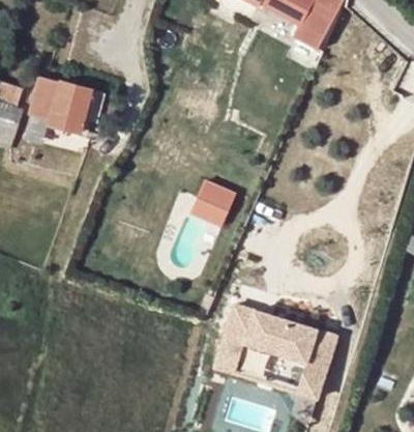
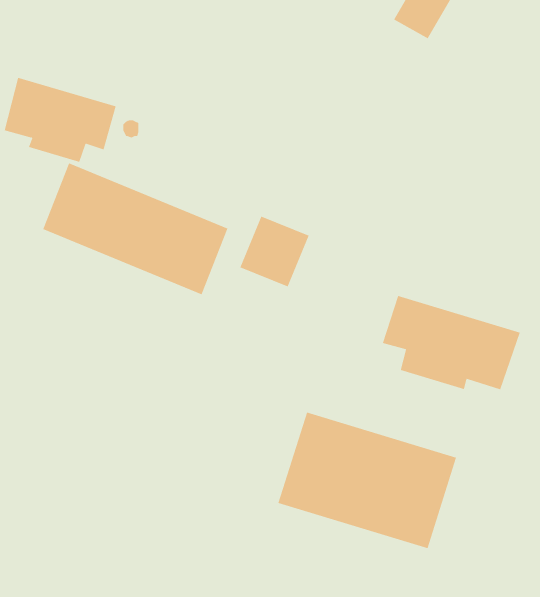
building: none -> [43,162,228,295]
building: none -> [382,295,520,390]

